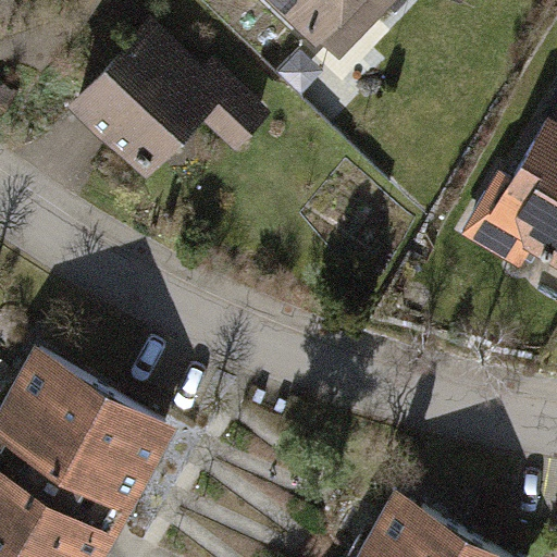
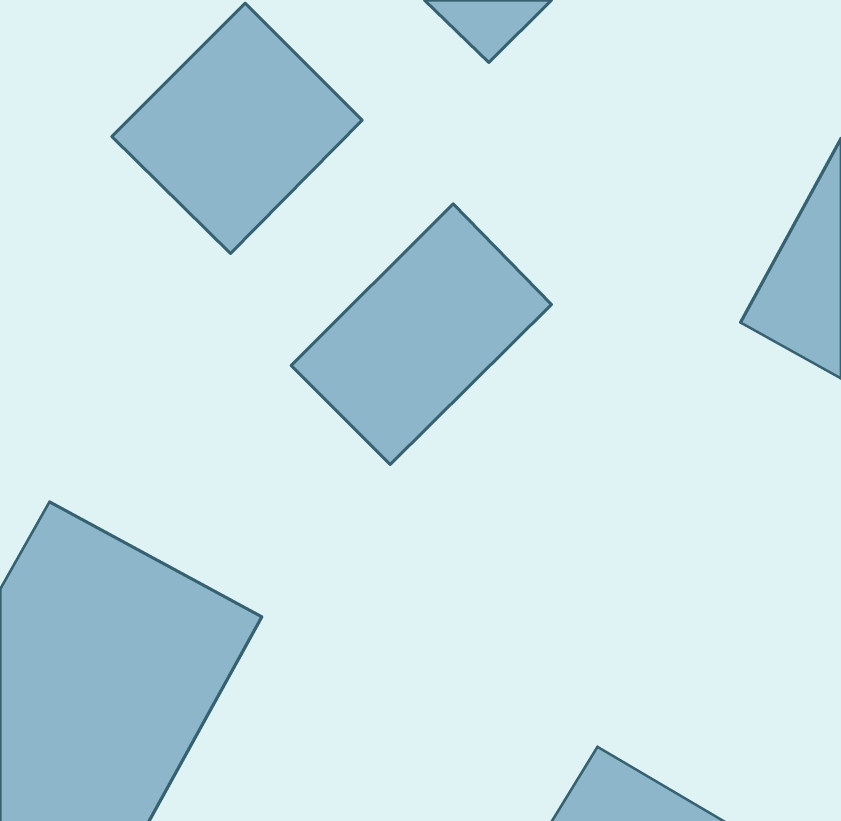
building: none -> [291,204,552,464]

